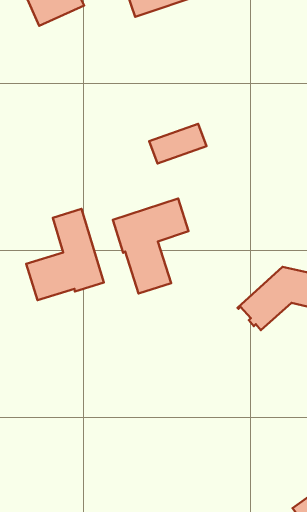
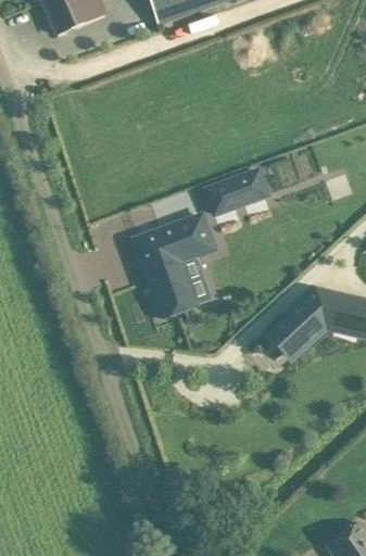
building: [149,124,206,164] -> [206,172,267,214]
building: [26,209,104,300] -> none

